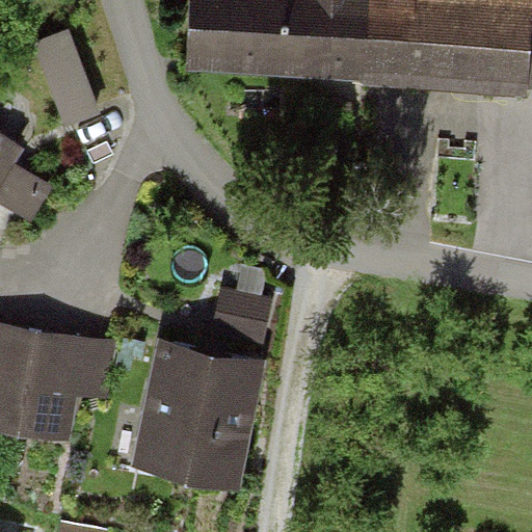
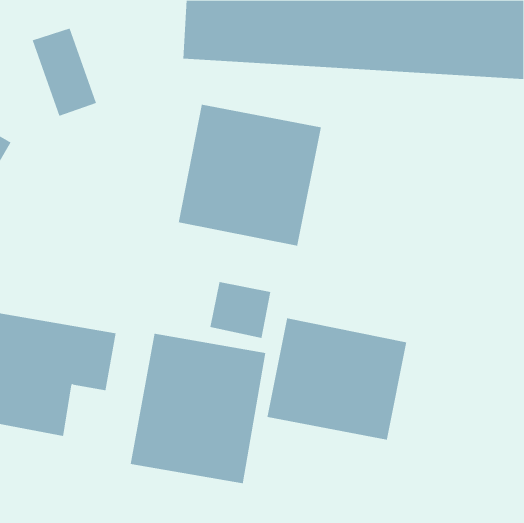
building: none -> [178,104,321,247]
building: none -> [267,318,407,441]

